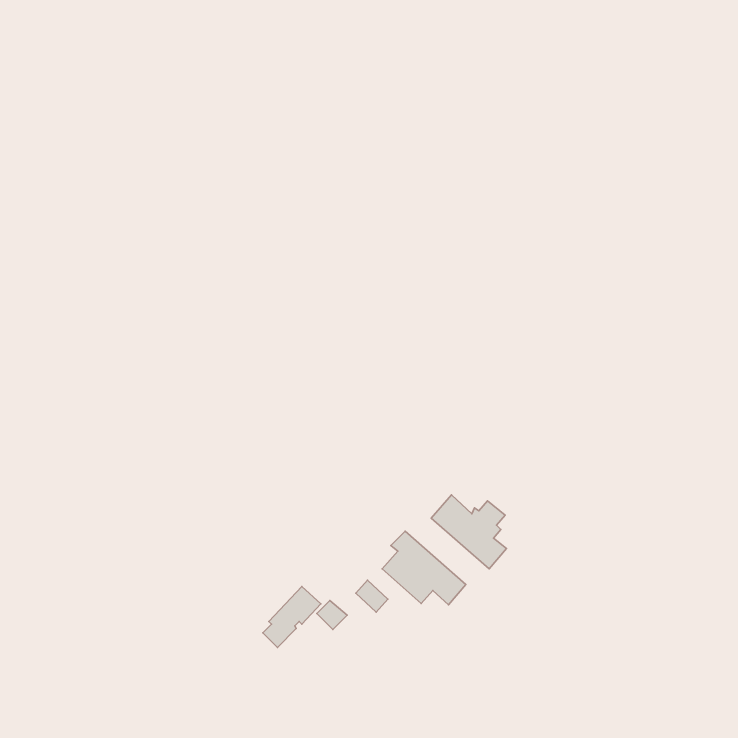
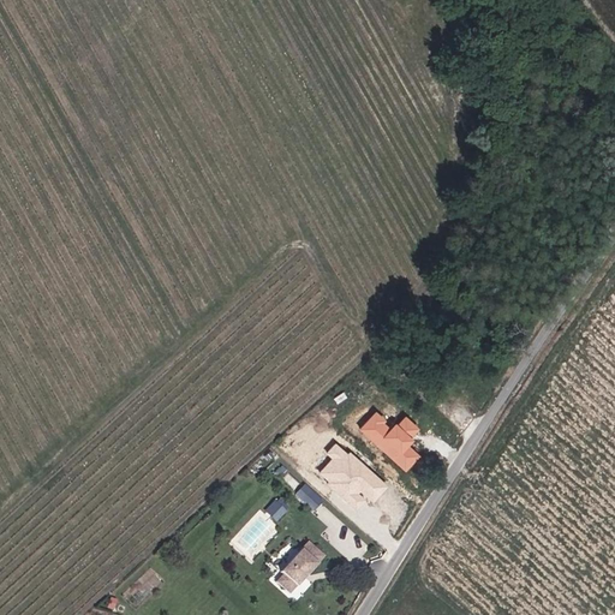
building: [263,587,321,647] -> [277,538,326,589]

